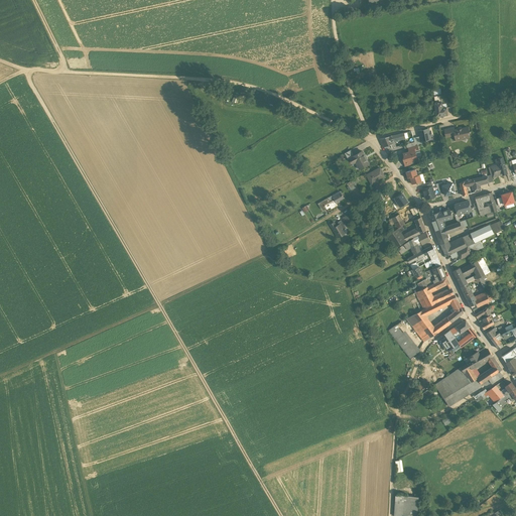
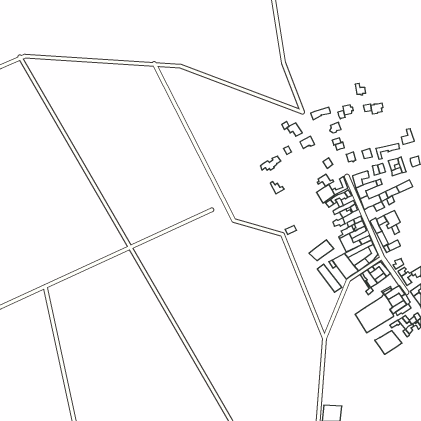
building: none -> [309,240,334,261]
building: none -> [375,331,402,354]

